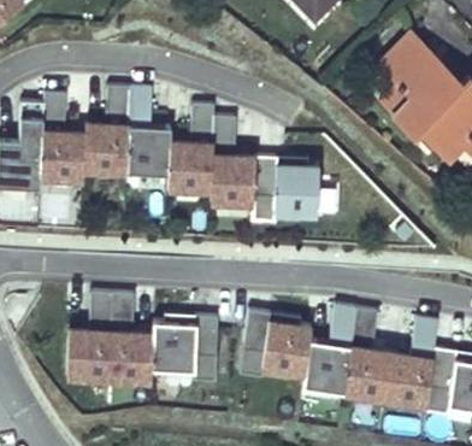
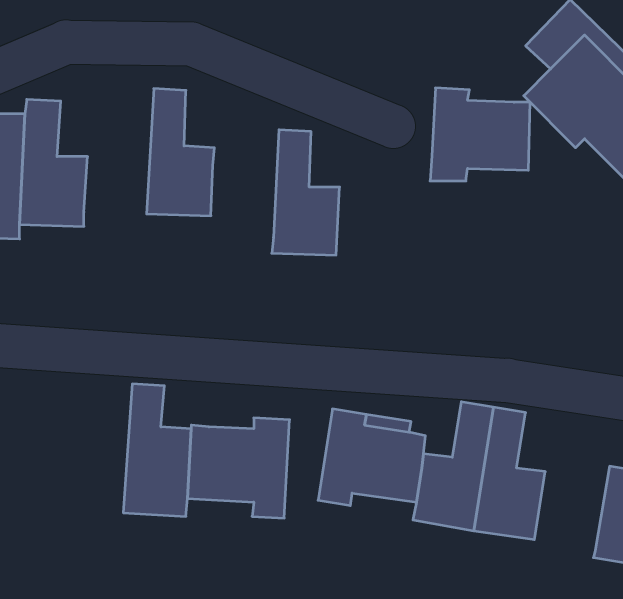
building: [83,94,130,178] -> none
building: [167,110,214,194] -> none
building: [252,160,319,223] -> [430,88,530,181]
building: [69,292,116,380] -> none
building: [387,318,441,405] -> none

